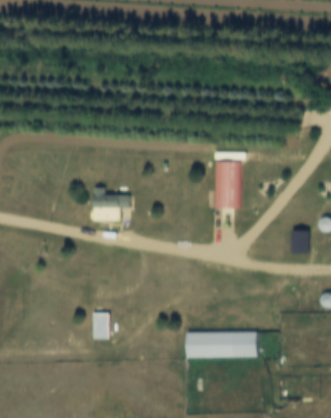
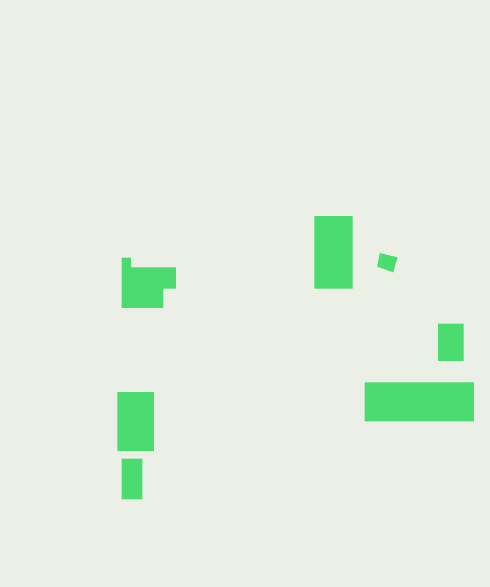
building: none -> [117,391,155,452]
building: [188,332,257,357] -> [364,382,475,422]

